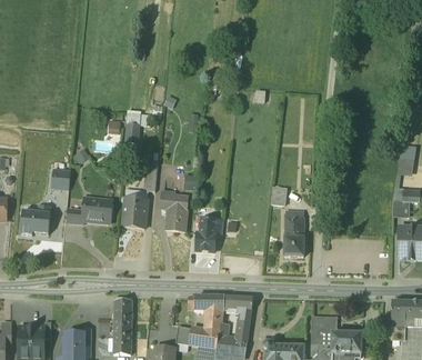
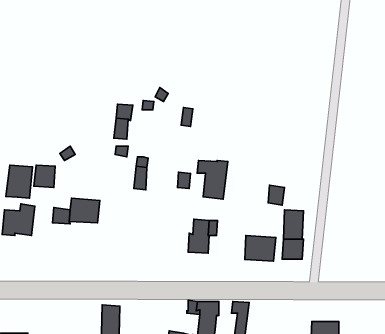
building: none -> [6,165,33,198]
building: [160,194,189,231] -> [197,160,228,199]
building: [122,196,147,227] -> none
building: none -> [245,236,276,261]

